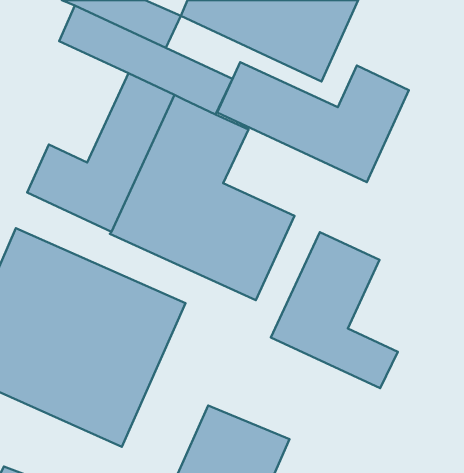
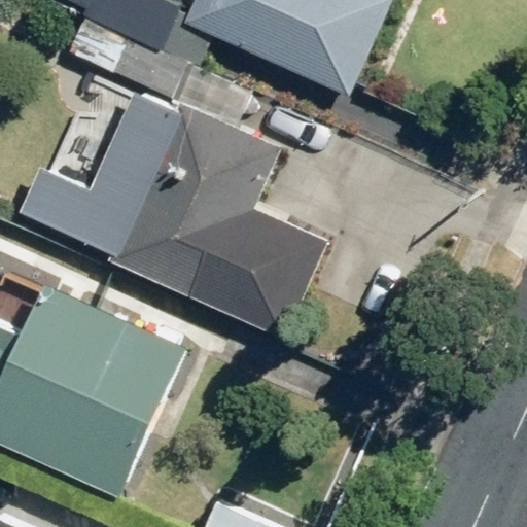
building: [217,62,409,182] -> none
building: [271,232,398,388] -> none

